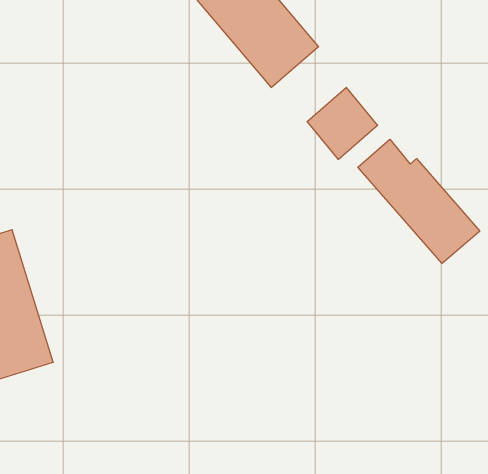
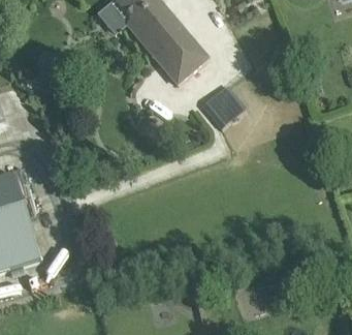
building: [358,139,480,263] -> none

